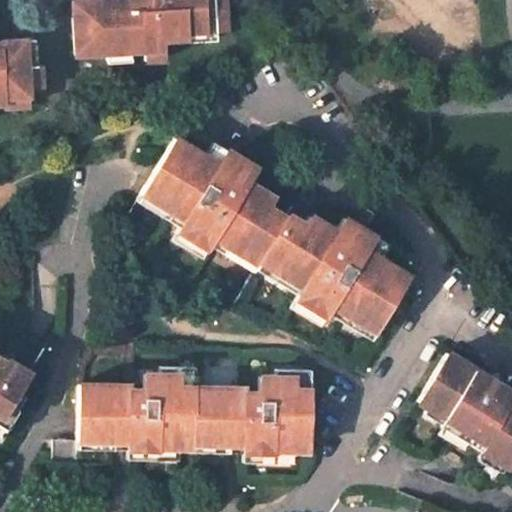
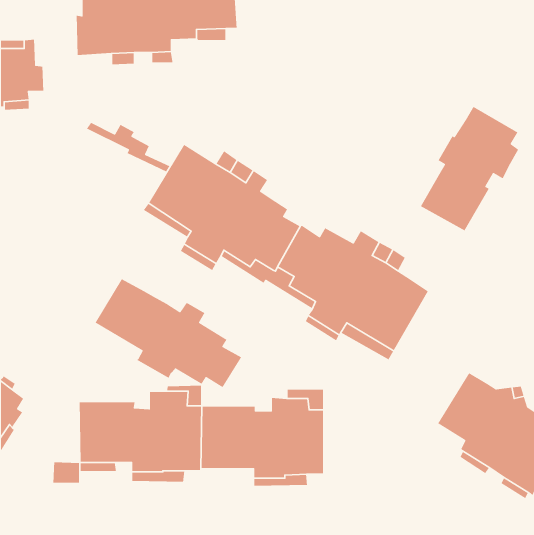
building: none -> [420,106,519,231]
building: none -> [86,122,171,172]
building: none -> [94,278,242,388]

